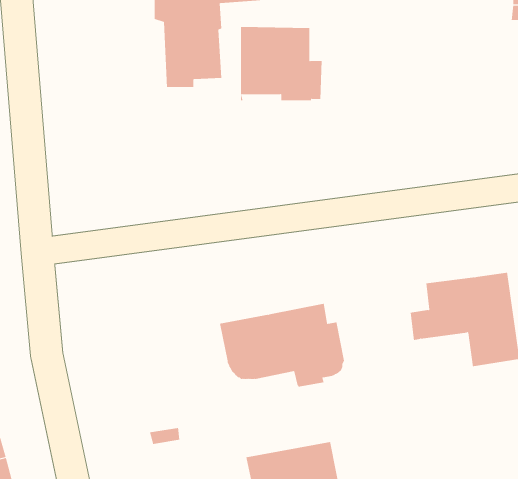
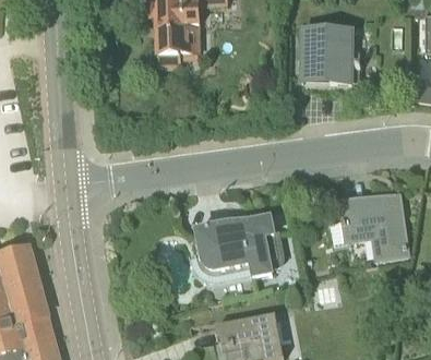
building: [240,26,323,101] -> [302,28,360,81]

